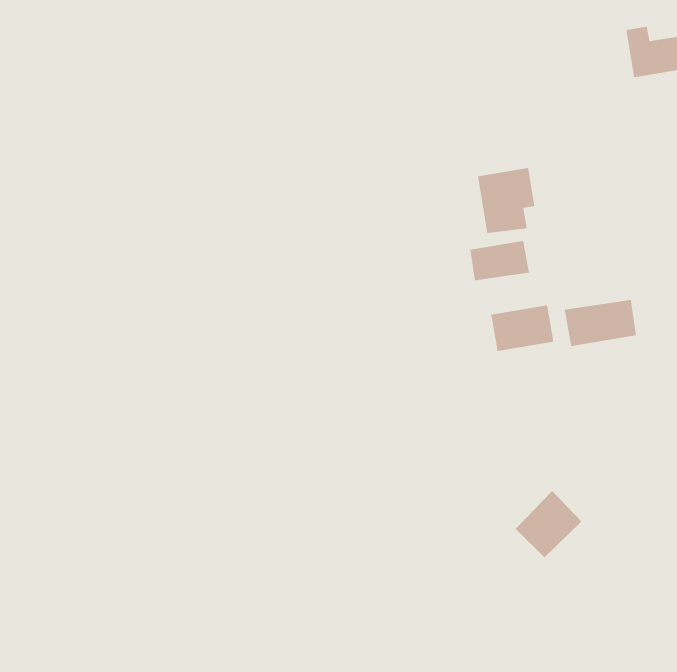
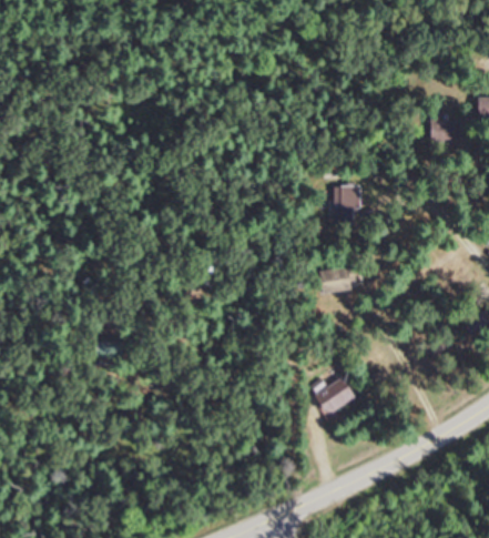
building: [470,240,529,281] -> none
building: [564,299,636,347] -> none

